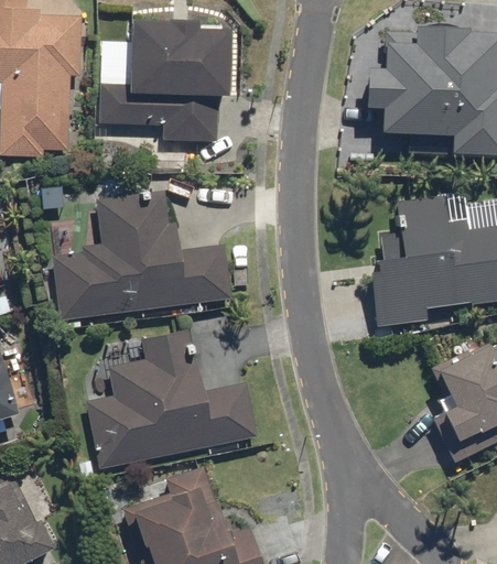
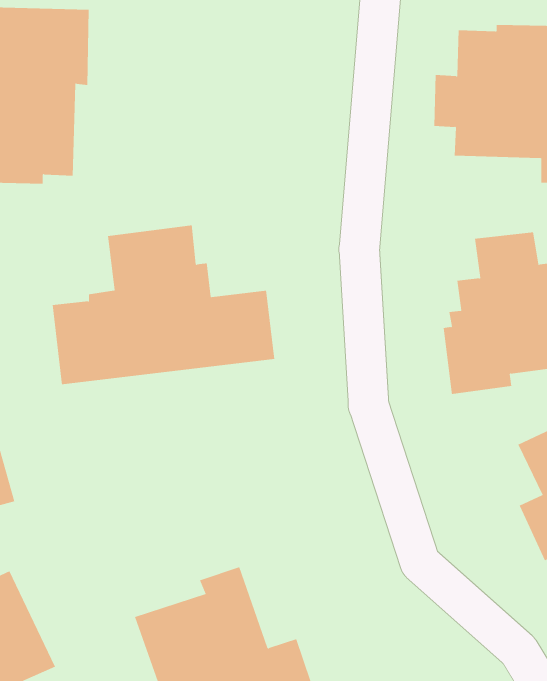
building: [97,20,229,142] -> none
building: [84,328,258,468] -> none

